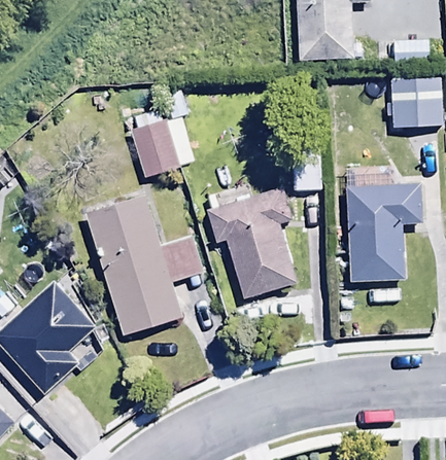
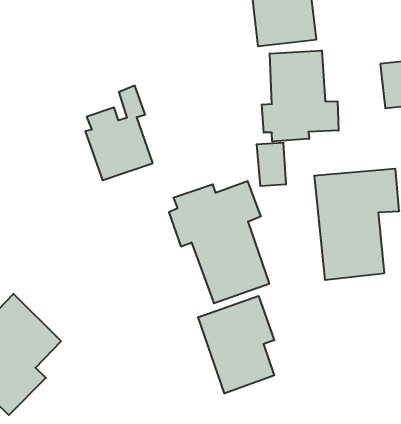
building: none -> [262,50,339,142]
building: [84,192,202,337] -> none
building: none -> [198,296,274,393]

